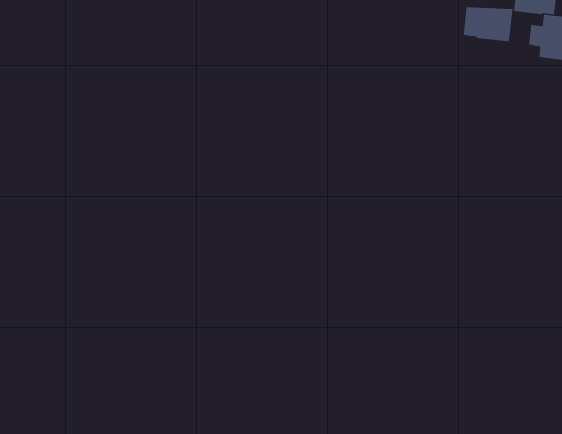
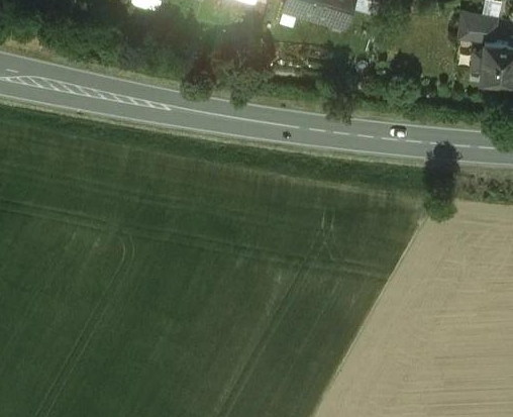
building: [463,7,513,42] -> none

